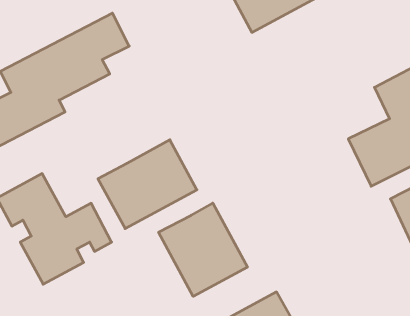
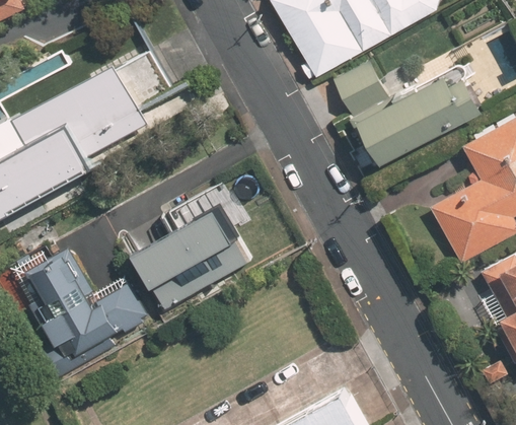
building: none -> [333,62,483,165]
building: [159,203,247,296] -> none

